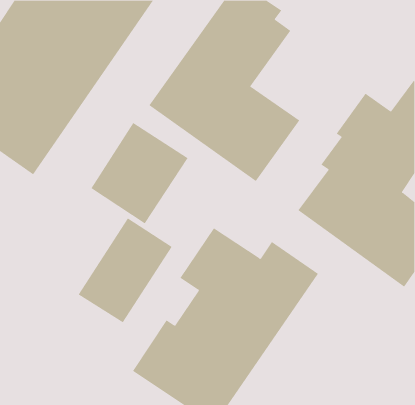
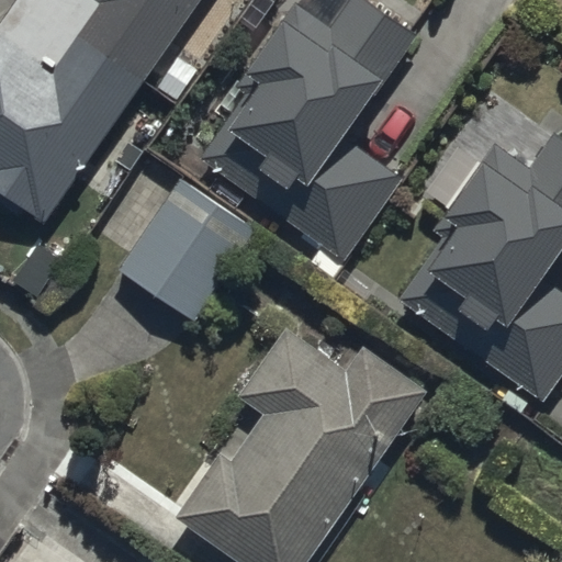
building: [78,217,173,323] -> none

